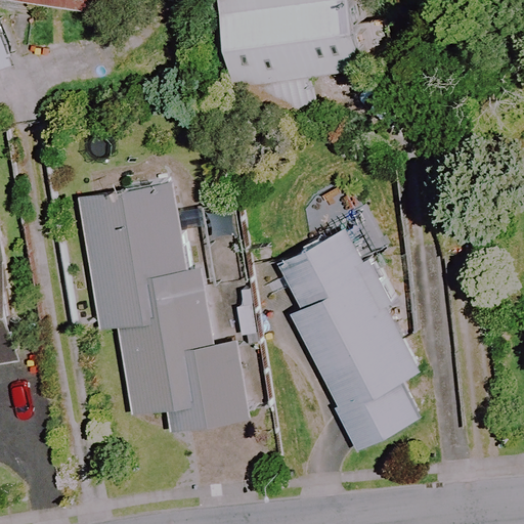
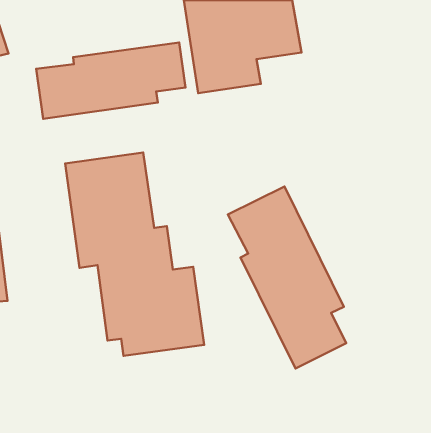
building: none -> [36,42,185,119]

